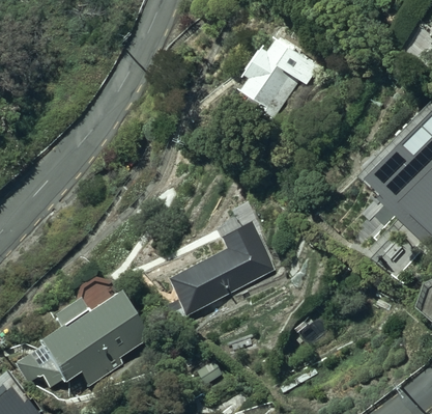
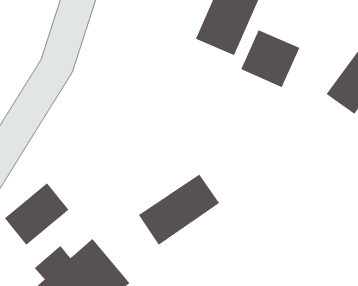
building: none -> [240,29,301,88]
building: none -> [4,182,69,246]

